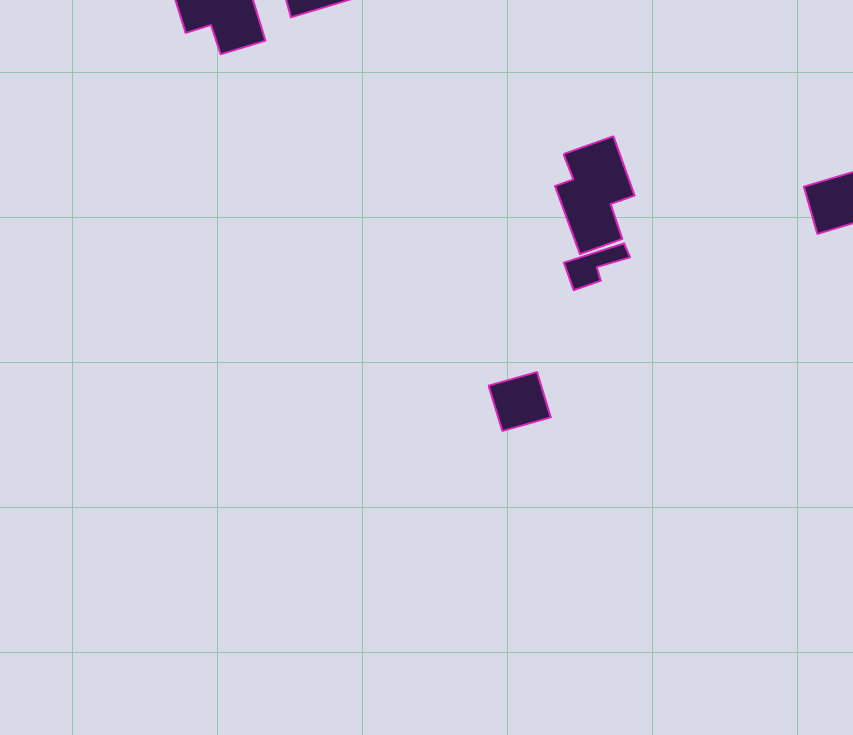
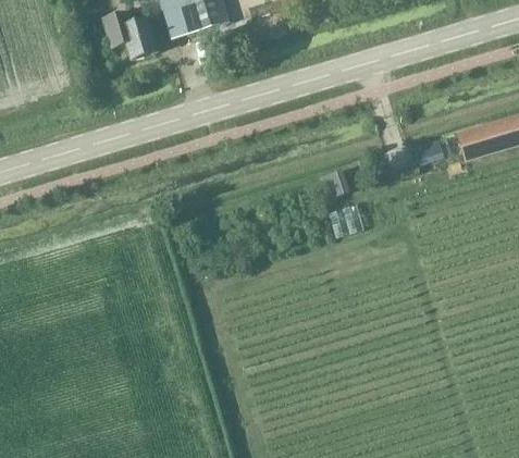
building: [555,136,634,254] -> none
building: [489,372,551,431] -> [328,203,362,236]

